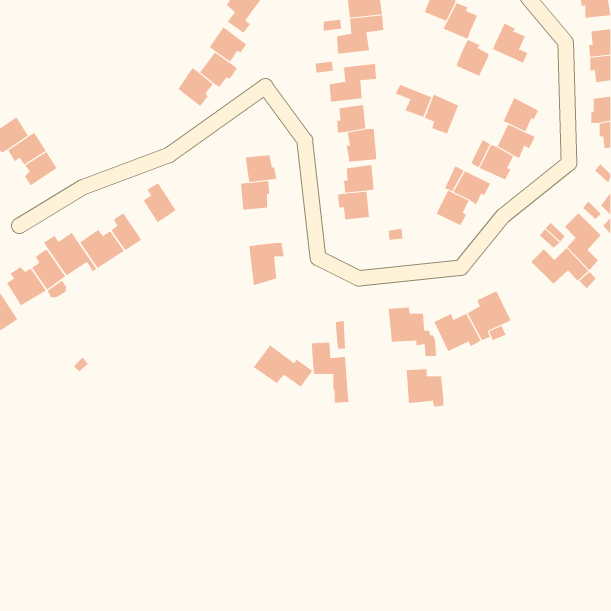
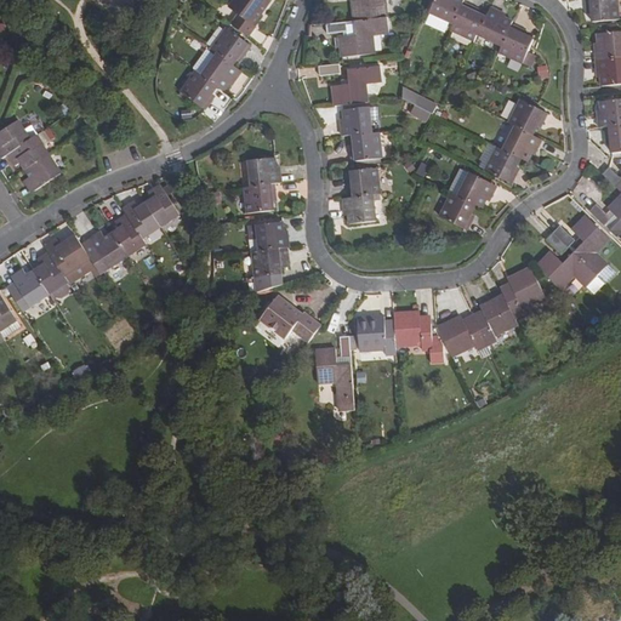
building: [455,39,489,77] -> [475,6,509,44]
building: [424,94,459,134] -> none
building: none -> [123,201,159,238]
building: none -> [246,220,287,247]
building: none -> [500,266,545,317]
building: [253,344,313,388] -> [260,295,320,338]
building: [406,369,444,407] -> [357,315,395,354]

